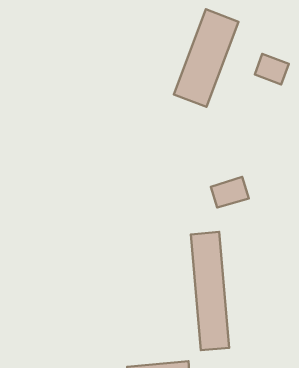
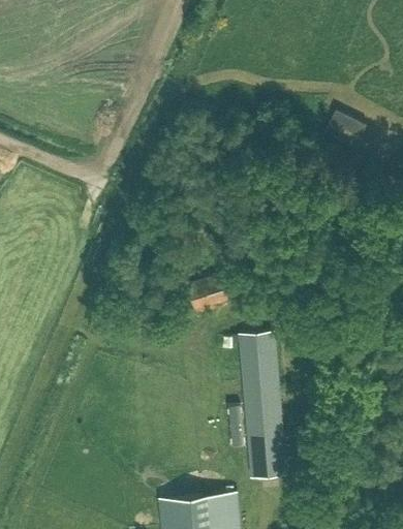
building: [174,9,239,107] -> none
building: [211,177,249,207] -> [188,273,236,311]

